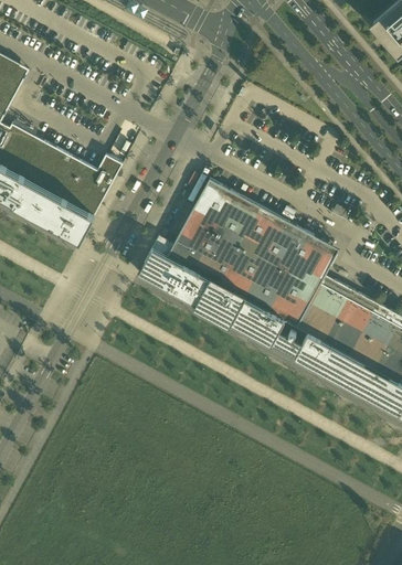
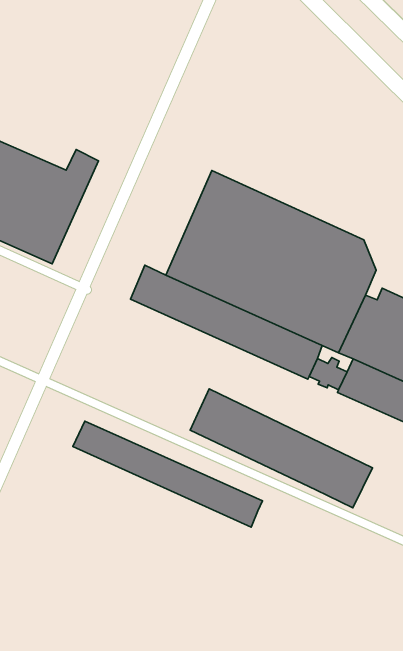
building: none -> [190,389,373,508]
building: none -> [73,421,262,527]

